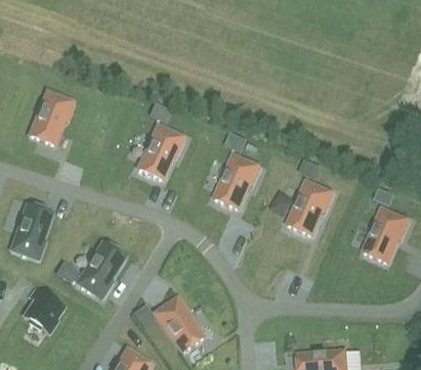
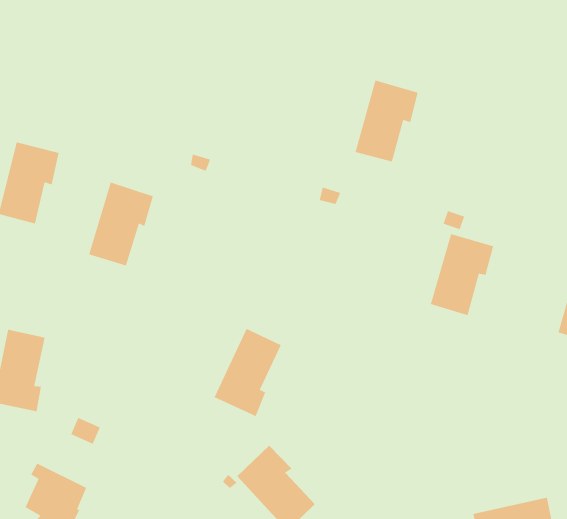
building: [138,125,183,178] -> [88,182,154,267]
building: [215,154,259,206] -> [354,79,418,163]
building: [78,241,124,296] -> [213,328,282,417]

